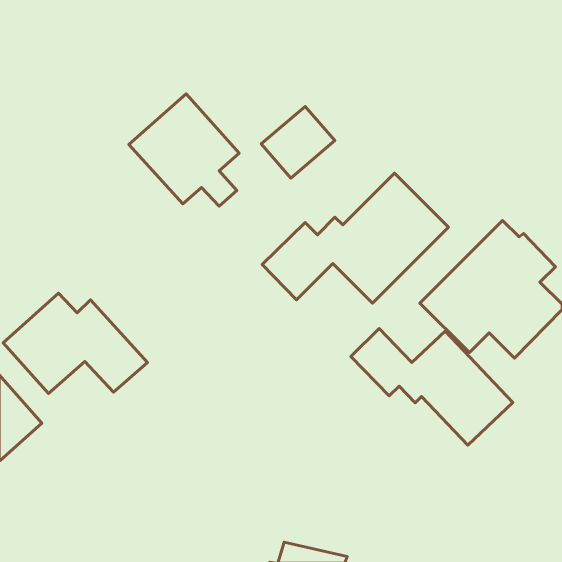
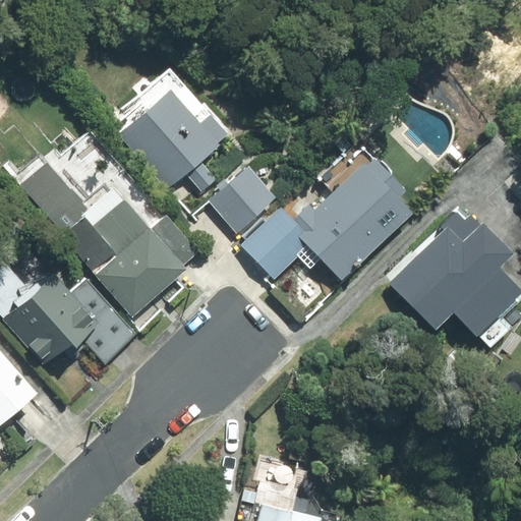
building: [261,106,335,178] -> [209,165,277,231]
building: none -> [18,162,202,316]
building: [351,328,513,445] -> none

